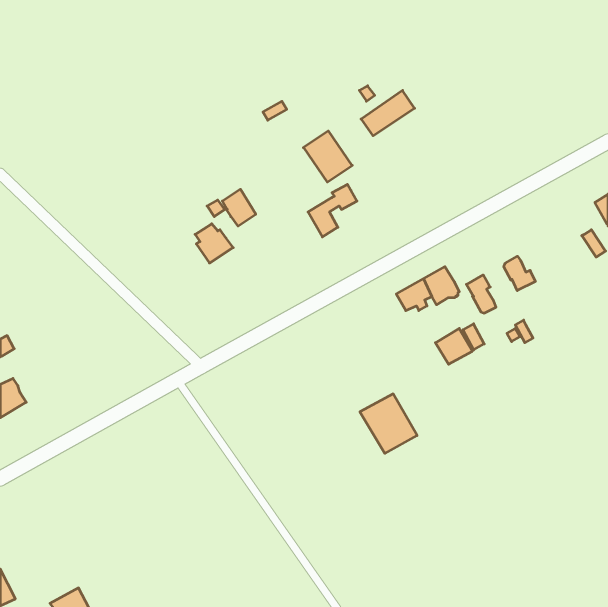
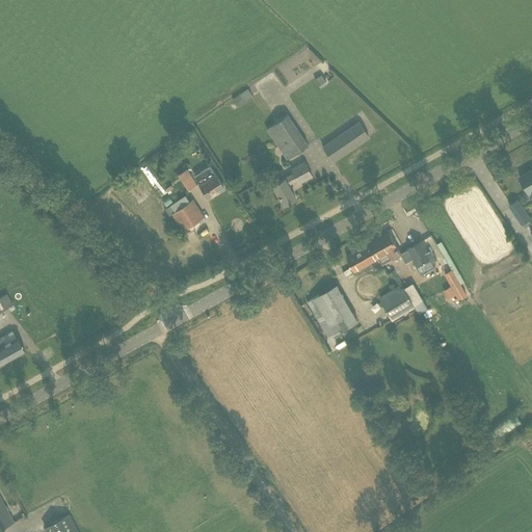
building: [361,90,415,136] -> [322,123,369,162]
building: [504,256,535,291] -> none
building: [360,394,417,453] -> [308,286,357,338]

